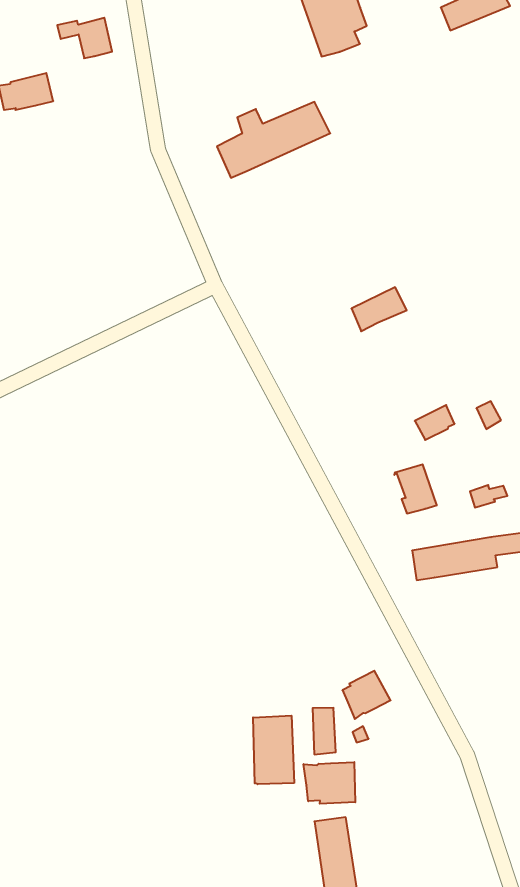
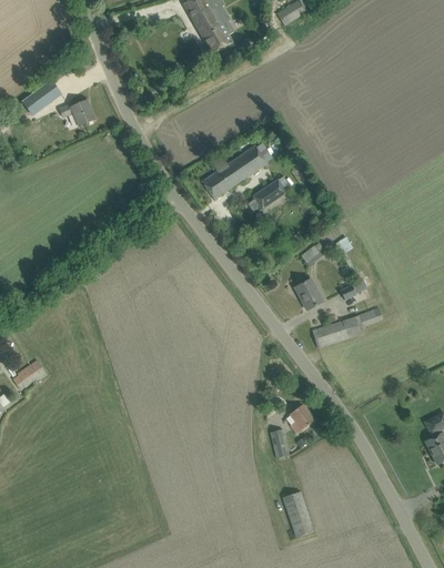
building: [57,18,112,58] -> [59,99,93,124]
building: [217,102,330,178] -> [202,145,266,197]
building: [253,716,294,784] -> none
building: [304,762,355,804] -> none

